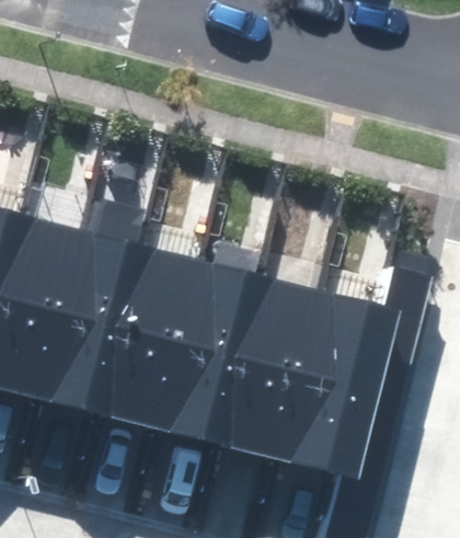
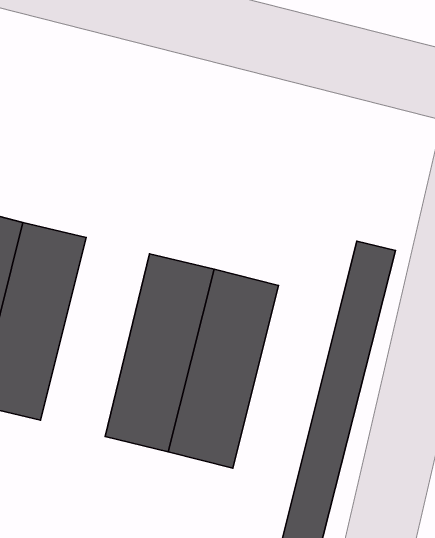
building: [83,239,185,425] -> none
building: [263,284,365,469] -> none

